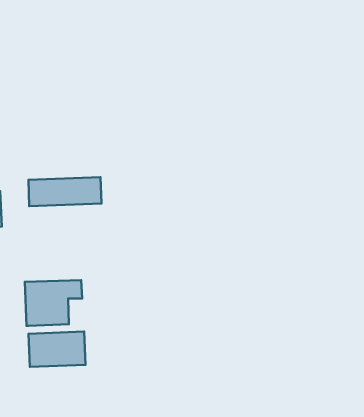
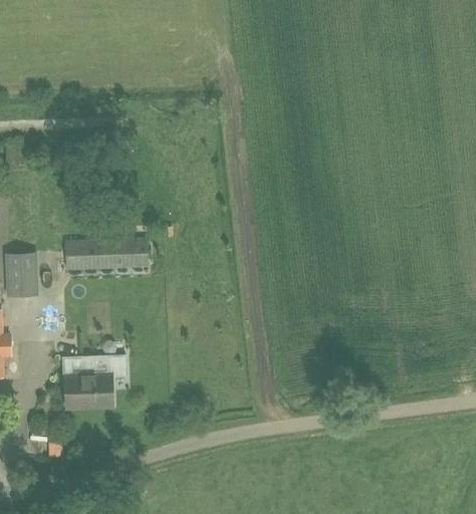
building: [28,331,86,367] -> none

